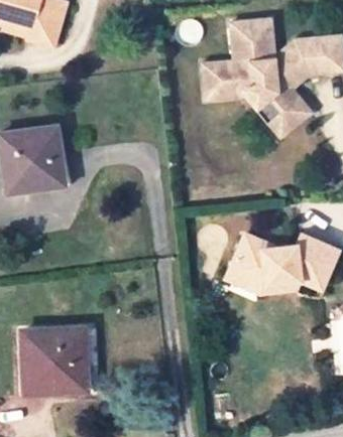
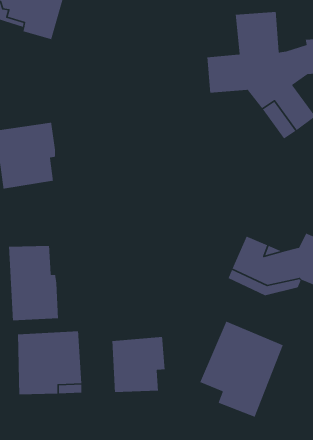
building: none -> [8,245,59,321]
building: none -> [199,320,284,418]
building: none -> [111,336,165,393]

